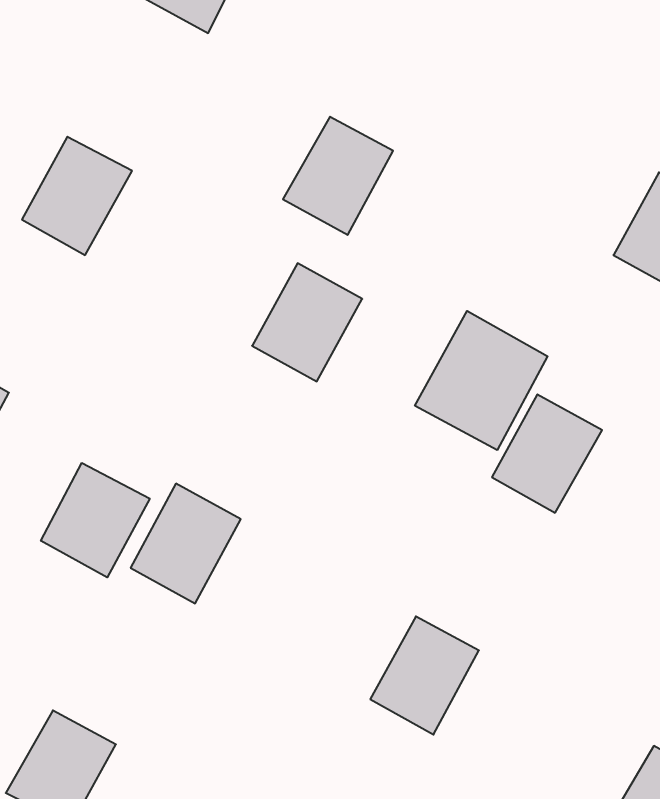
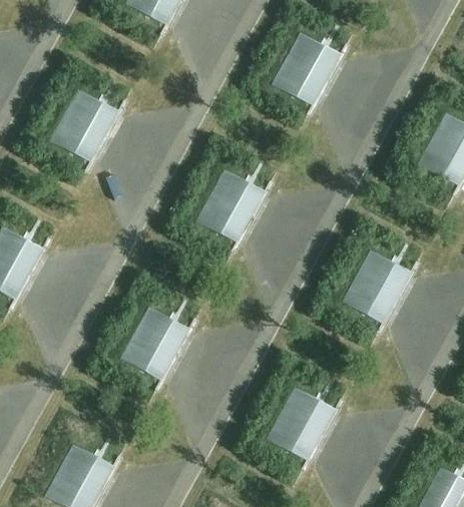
building: [283,117,393,235] -> [270,31,338,104]
building: [415,311,548,450] -> none
building: [41,463,150,577] -> none

